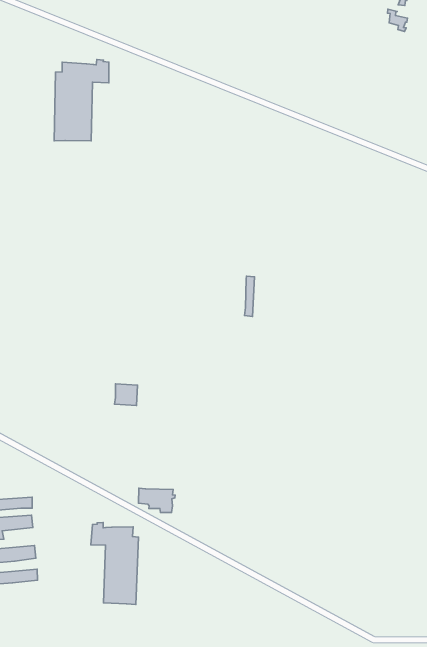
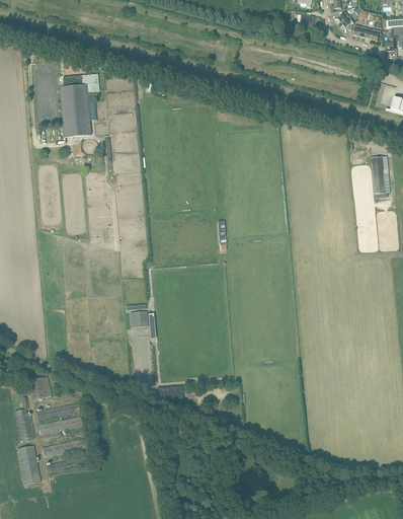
building: [91,522,139,605] -> none

